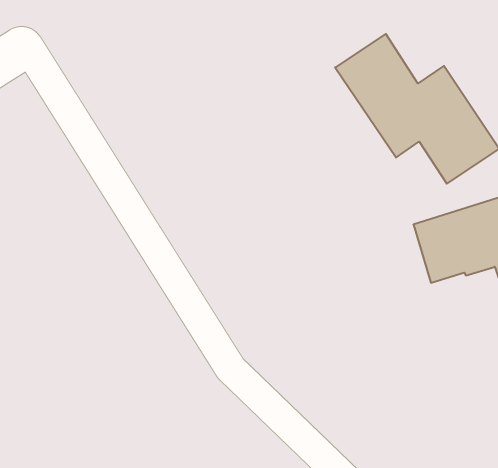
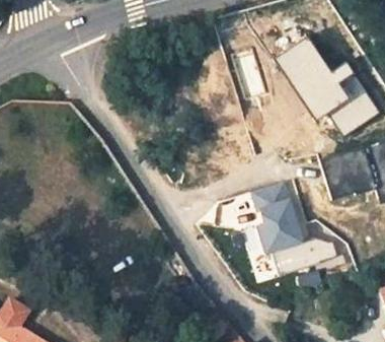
building: none -> [256,181,346,279]

